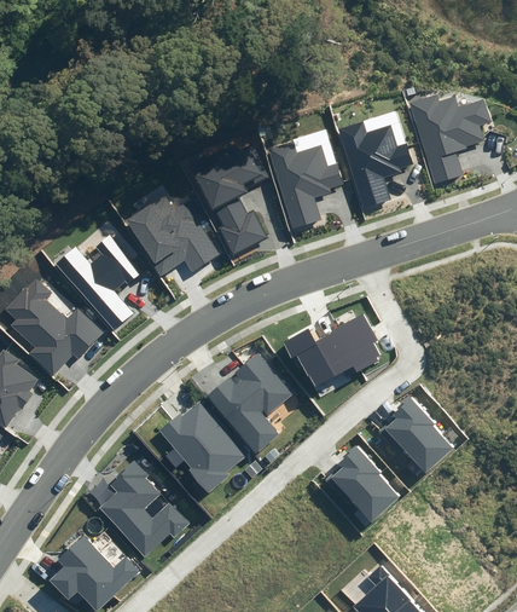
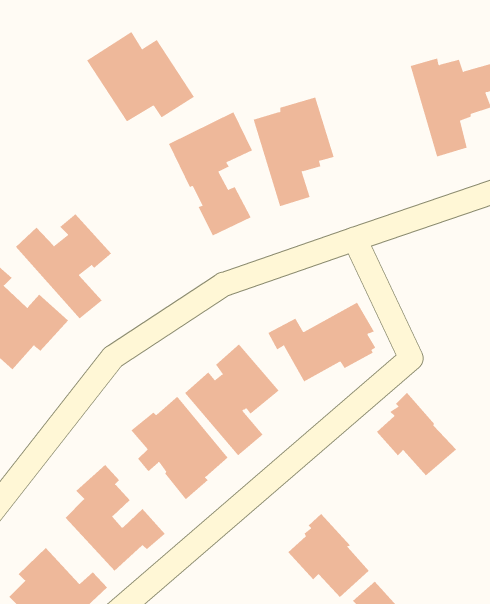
building: [337,121,412,208] -> none
building: [123,194,221,276] -> [86,31,195,122]
building: [324,445,397,521] -> [288,513,370,598]

